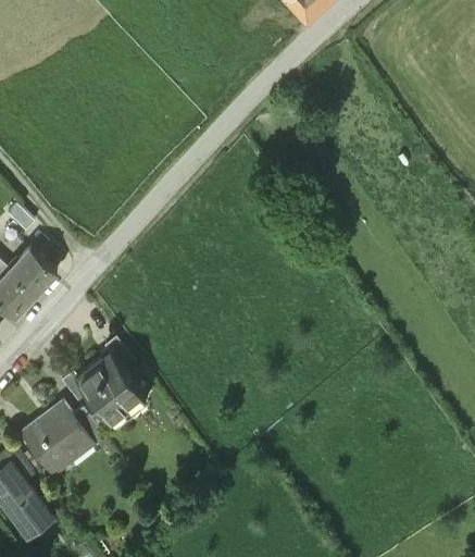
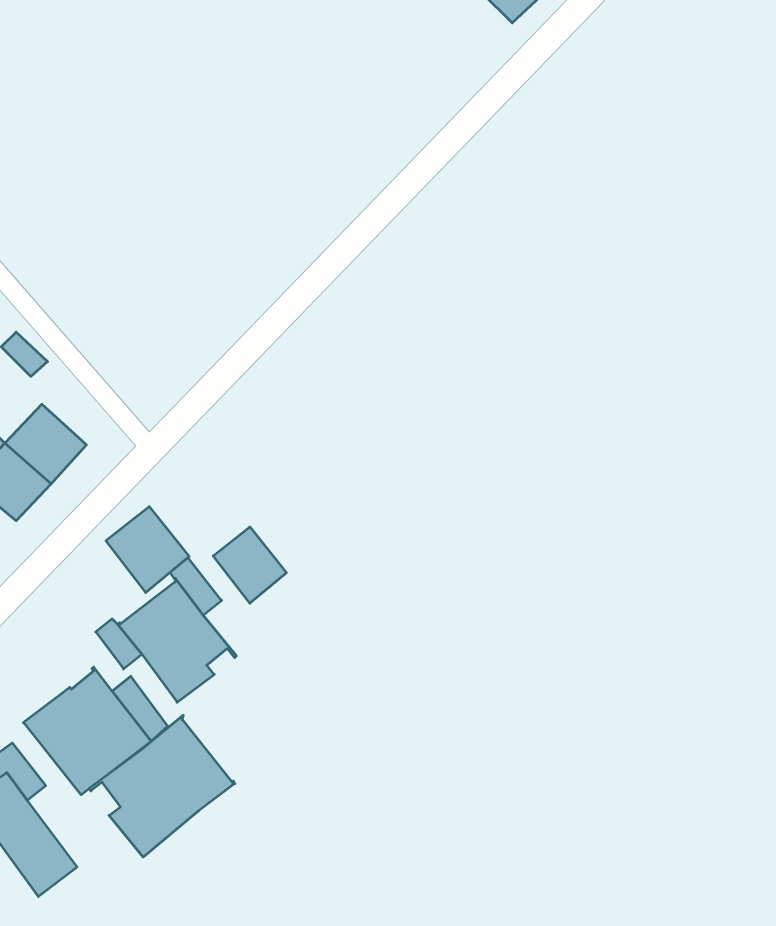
building: none -> [106,507,189,593]
building: none -> [213,527,286,603]
building: none -> [89,715,235,857]

